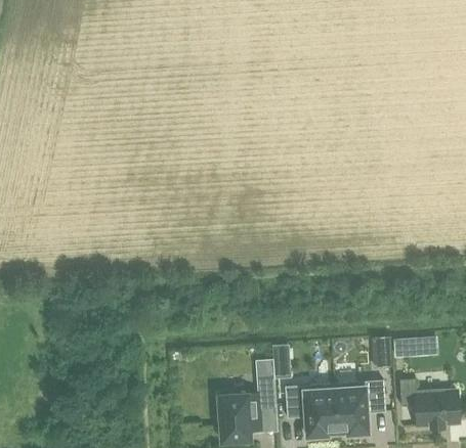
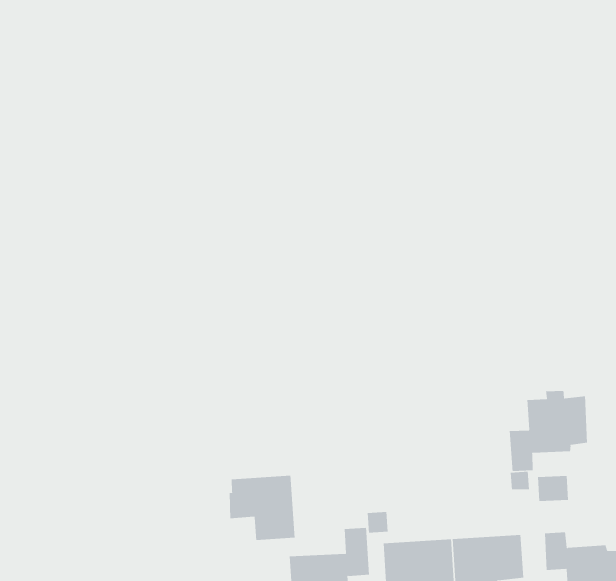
building: none -> [509,390,588,472]
building: none -> [229,475,295,541]

